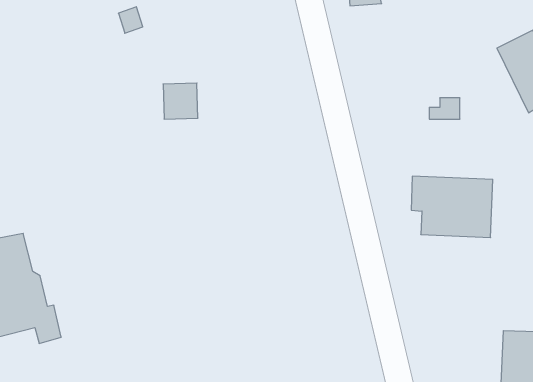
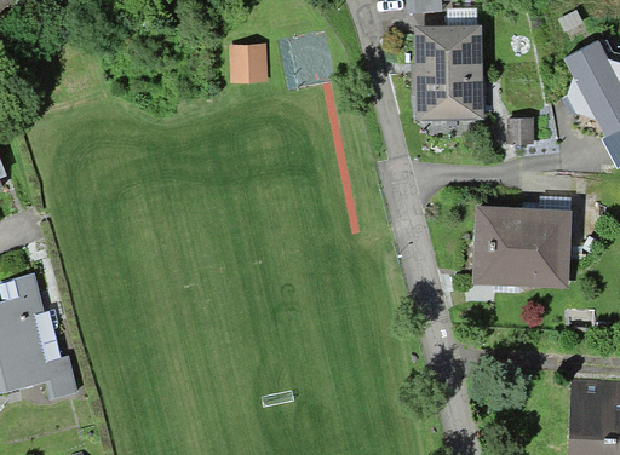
building: none -> [418,30,475,115]
building: [163,83,198,119] -> [229,40,269,81]

